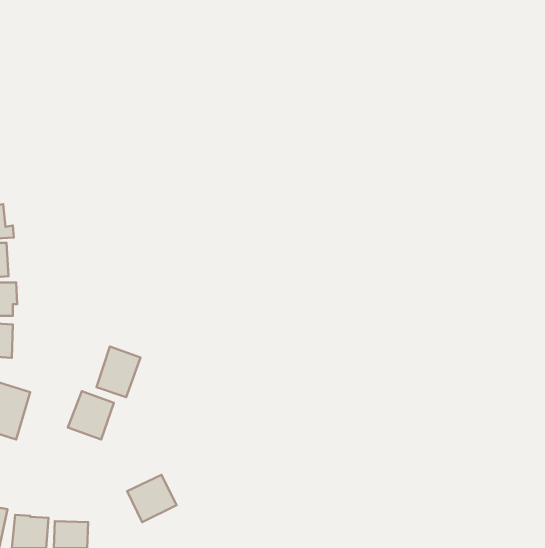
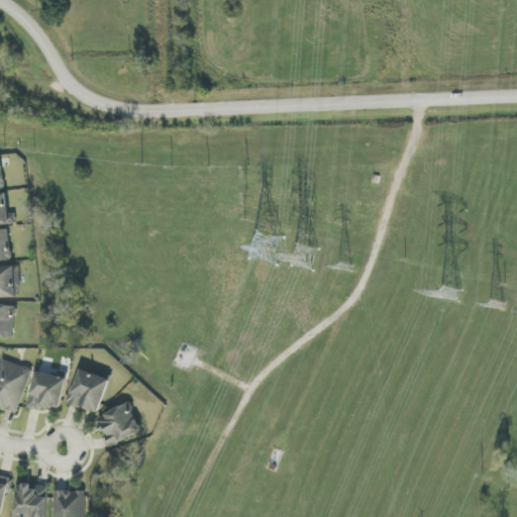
building: [96,347,140,397] -> none
building: none -> [25,371,64,410]
building: [127,475,177,522] -> [93,402,139,446]

